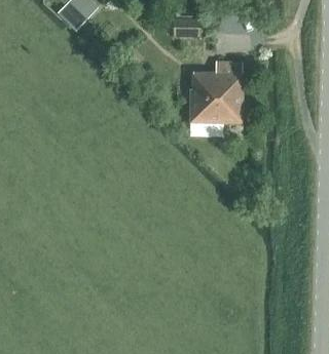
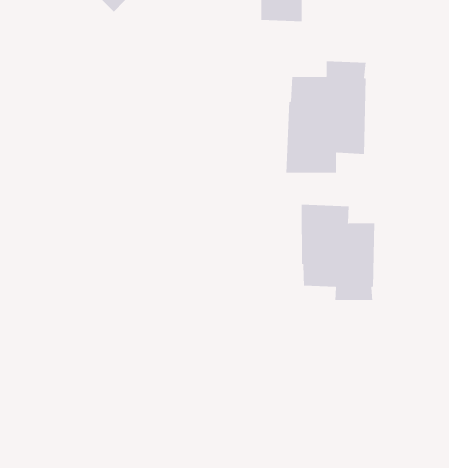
building: none -> [301,204,375,301]

